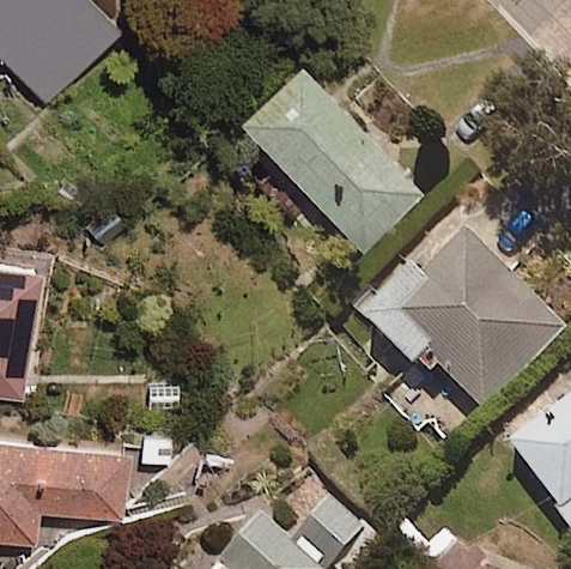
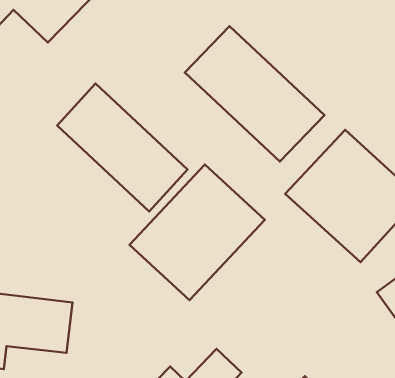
building: none -> [57,83,188,211]
building: none -> [129,165,265,300]

